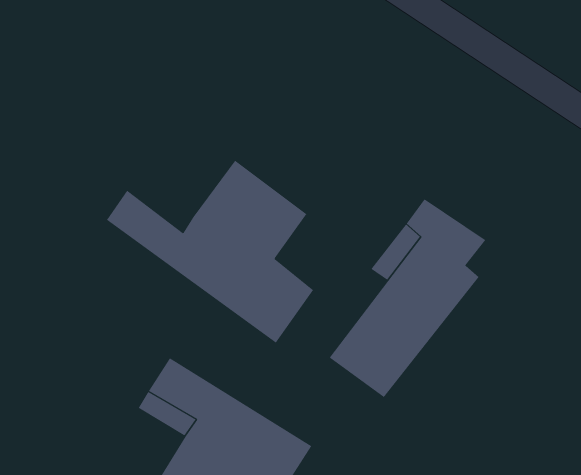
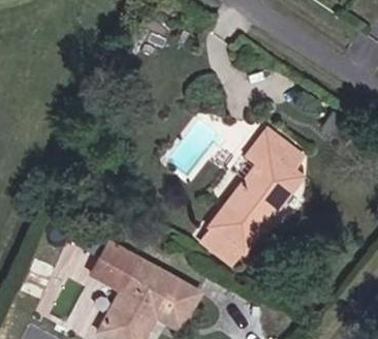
building: [106,160,314,344] -> none

